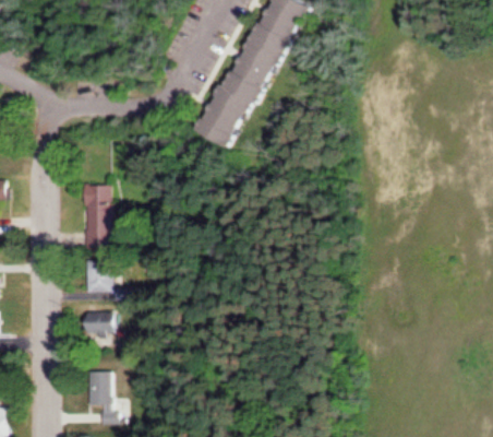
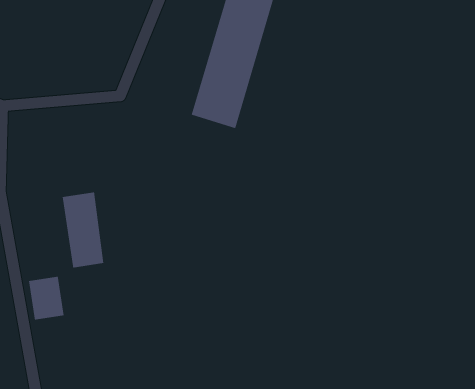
building: [85,259,111,293] -> [28,276,65,320]
building: [86,310,119,335] -> none

